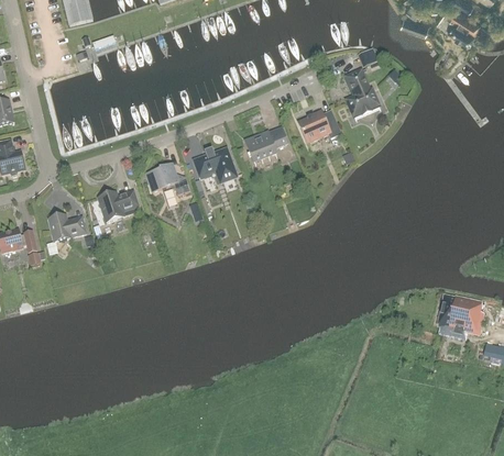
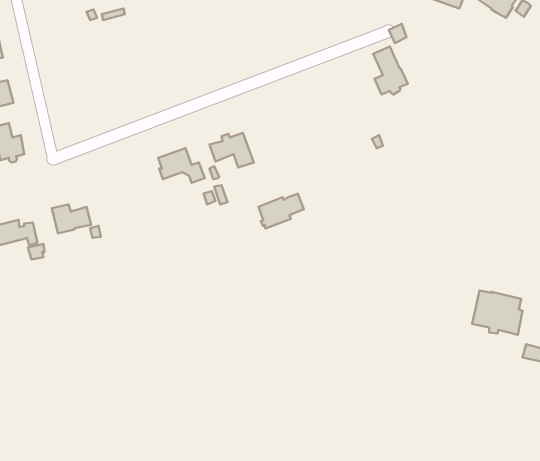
building: [298,109,342,142] -> none
building: [245,127,287,159] -> [258,194,304,228]
building: [99,191,140,221] -> none

